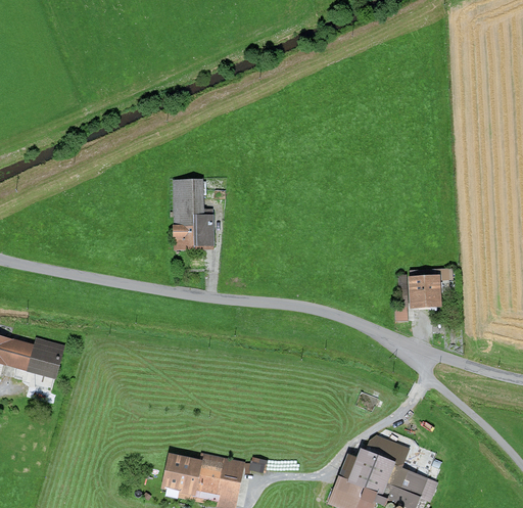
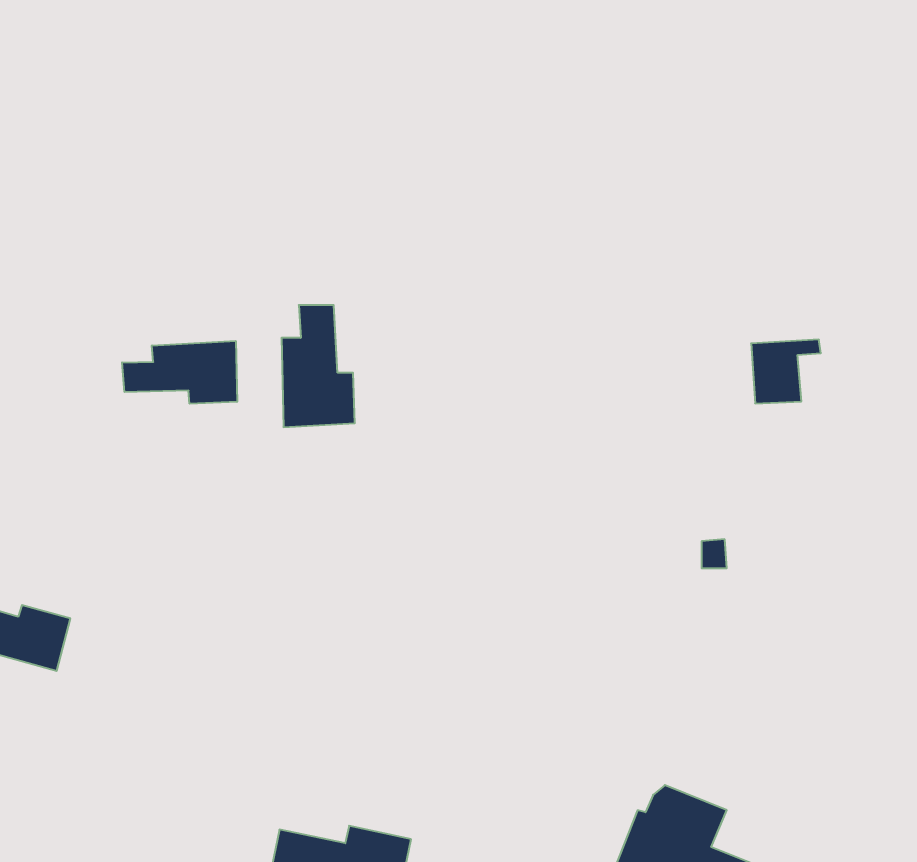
building: none -> [122,341,237,404]
building: [412,270,448,304] -> [751,340,821,403]

